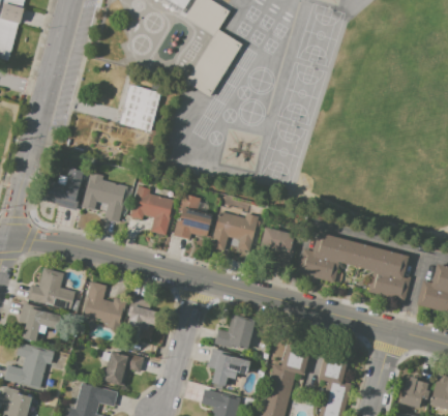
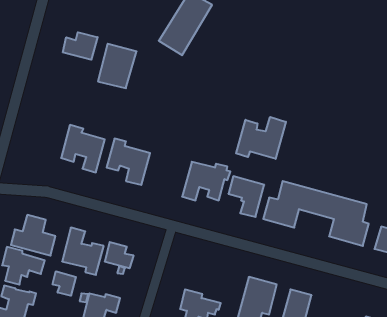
building: none -> [63,32,98,60]
building: none -> [236,117,286,159]
building: [44,168,84,211] -> none
building: [173,195,213,240] -> none
building: [215,314,257,351] -> none
building: none -> [53,271,76,296]

